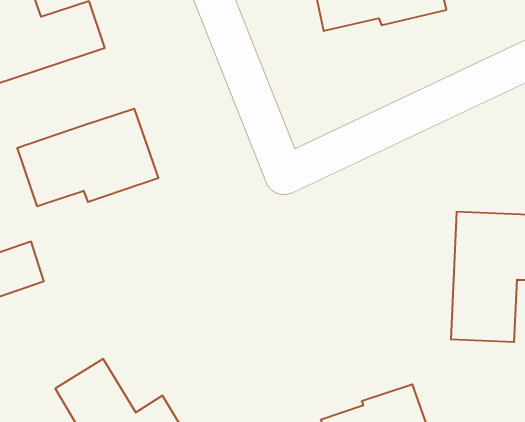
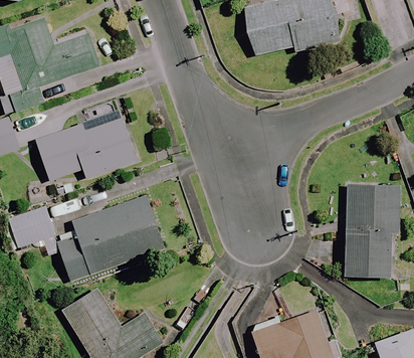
building: none -> [56,195,164,280]

